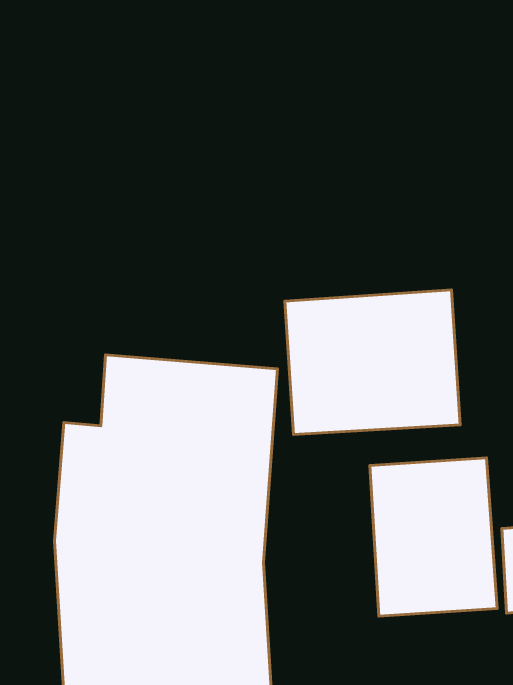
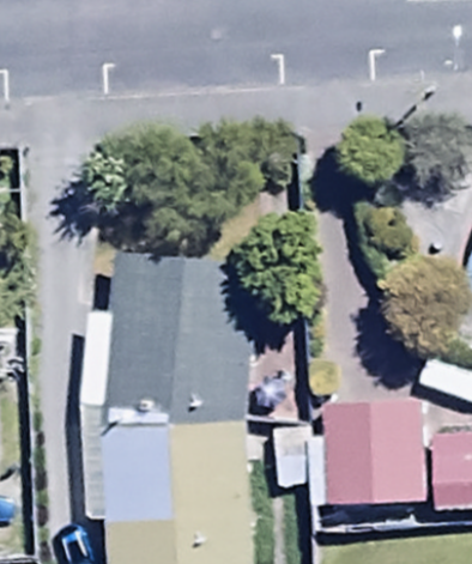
building: [285,290,460,434] -> none

